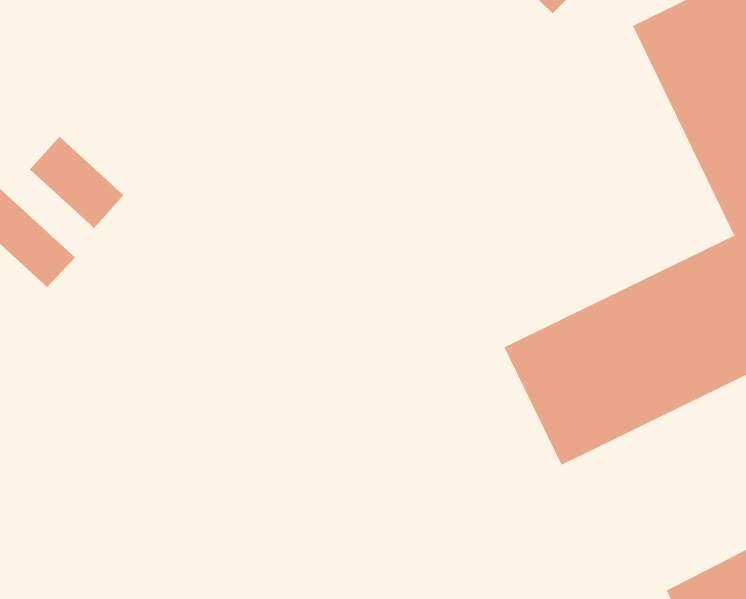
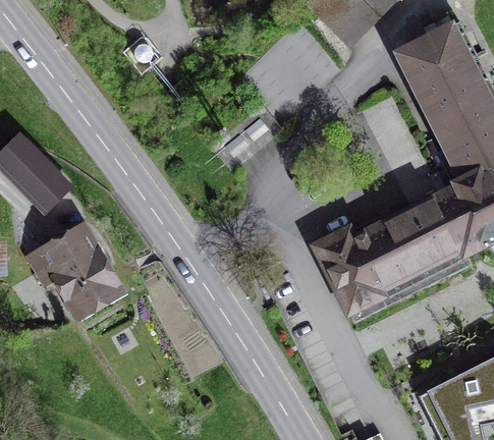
building: [29,136,124,229] -> none
building: none -> [28,228,116,311]

